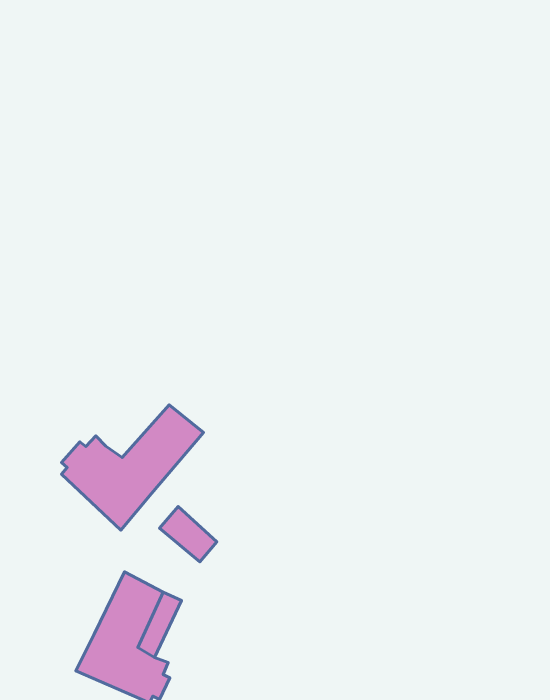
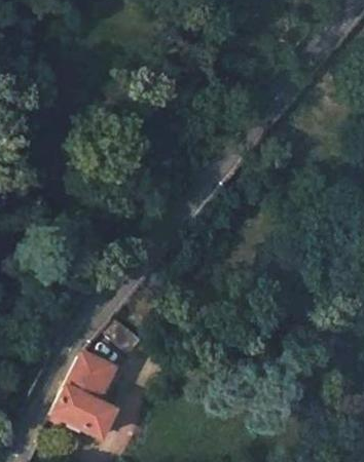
building: [61,405,204,530] -> none

